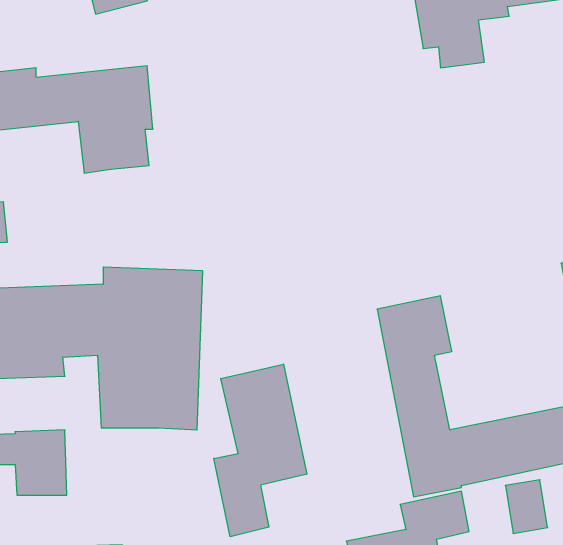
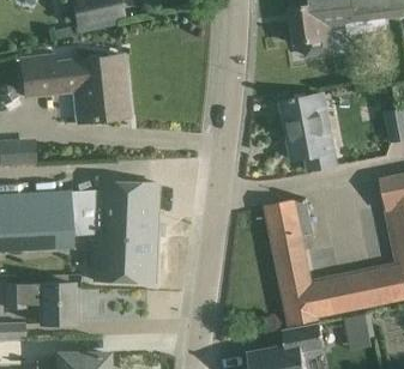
building: none -> [281,95,336,170]
building: [214,364,307,537] -> none

